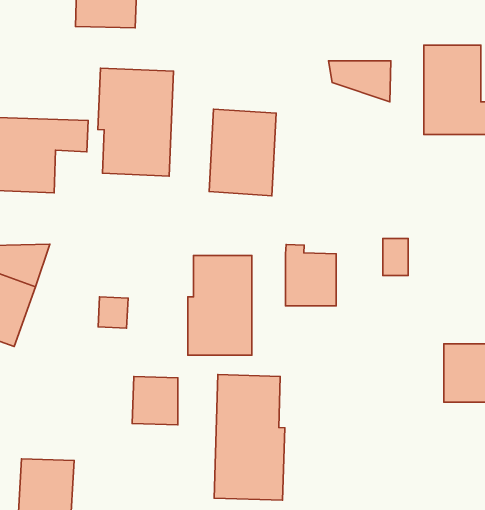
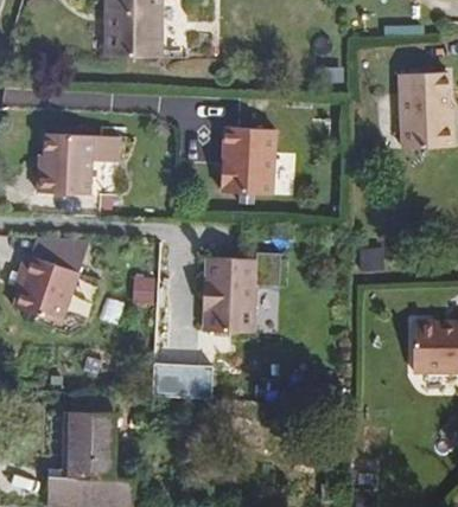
building: [328,61,391,102] -> none
building: [98,68,173,176] -> none
building: [286,245,336,306] -> none
building: [214,374,285,500] -> none

